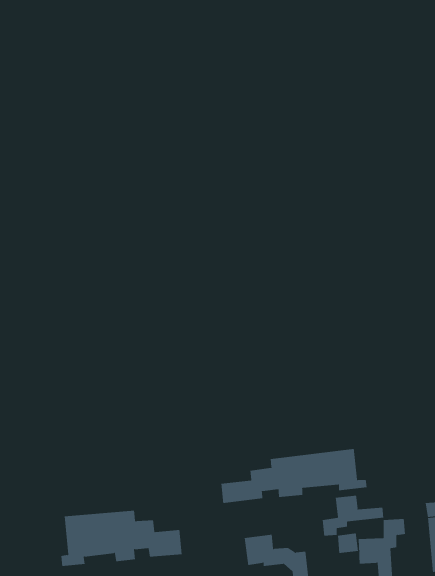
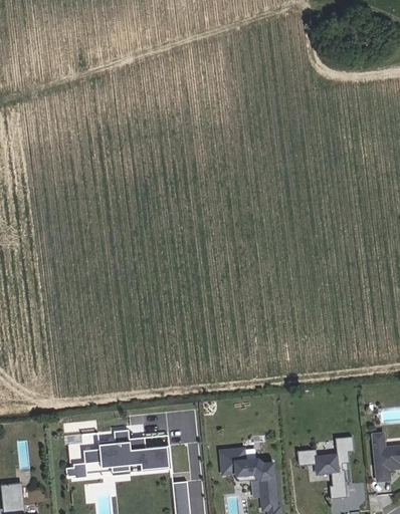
building: [221,448,367,504] -> none
building: [322,495,384,537] -> none

